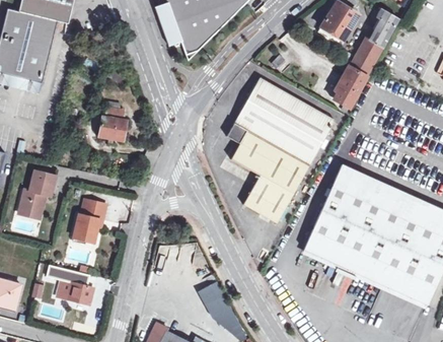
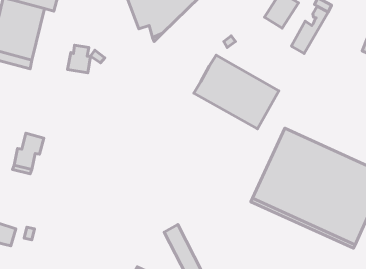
building: [338,66,366,110] -> none
building: [98,106,126,139] -> [68,45,90,73]
building: [227,122,310,222] -> none
building: [73,199,106,241] -> none
building: [57,272,96,303] -> none

